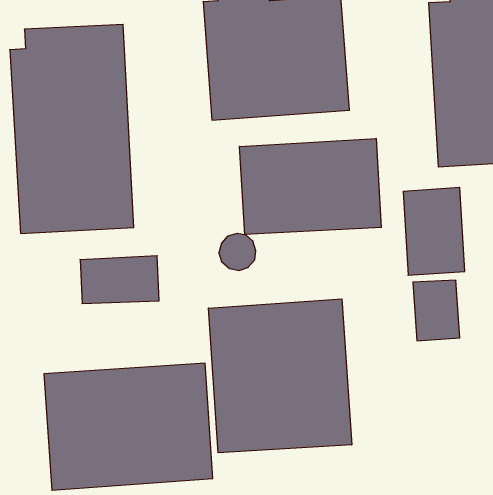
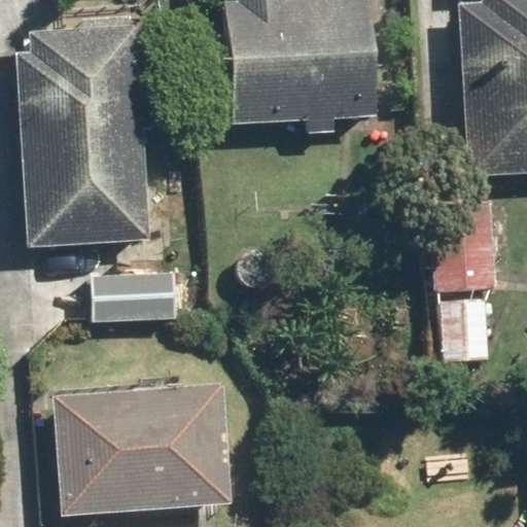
building: [240,138,381,235] -> none
building: [208,299,352,453] -> none

